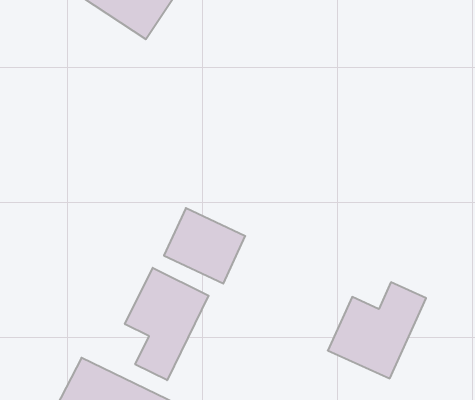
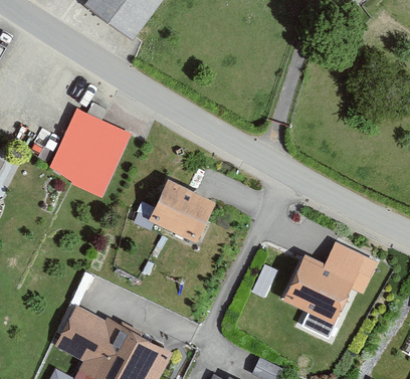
building: none -> [48,110,130,195]
building: [125,268,209,380] -> none

